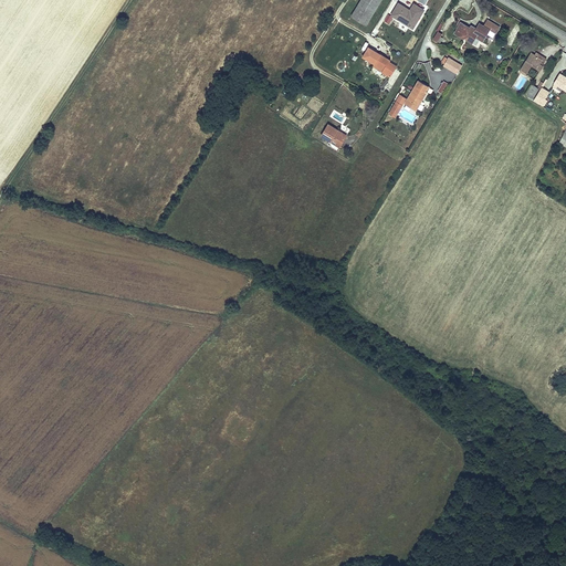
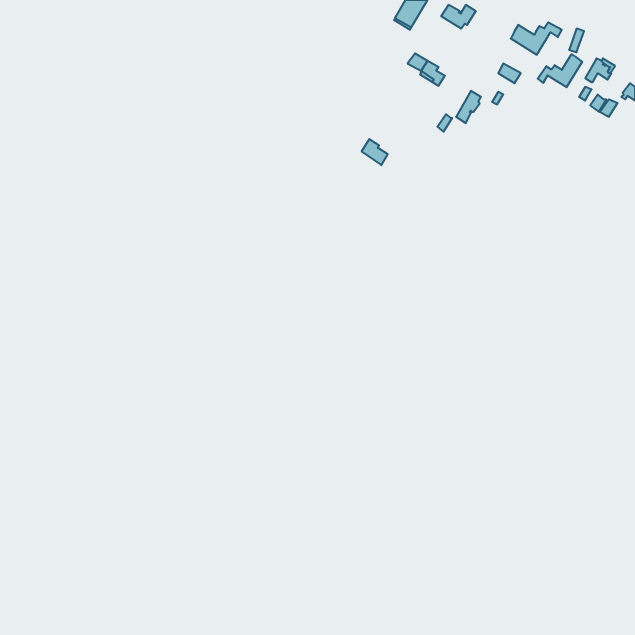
building: none -> [538,54,582,87]

